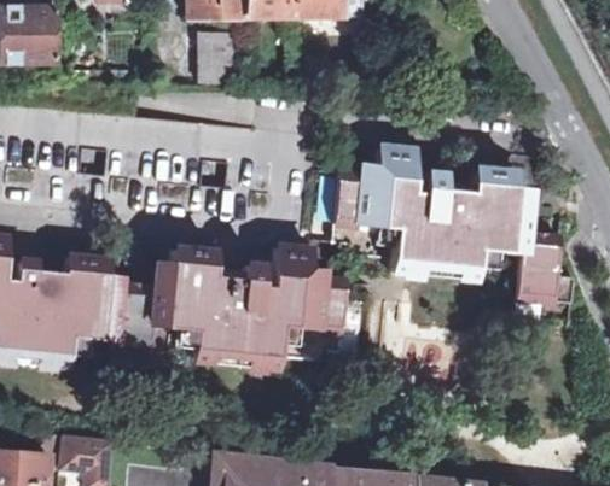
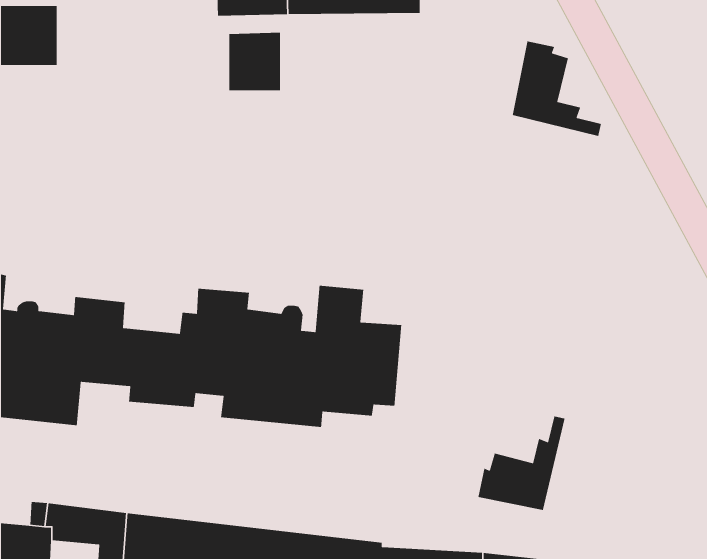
building: none -> [512,41,602,137]
building: [333,147,575,301] -> none
building: none -> [477,415,565,511]

